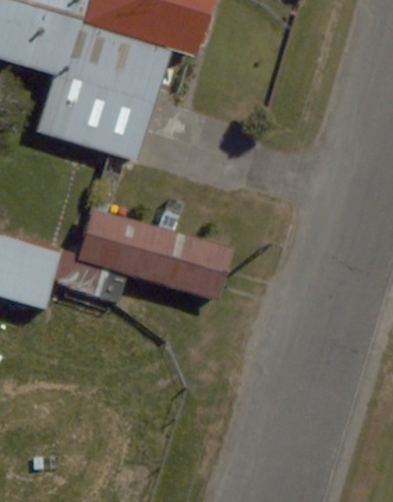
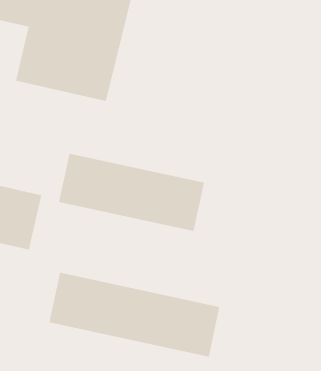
building: none -> [49,272,220,357]

